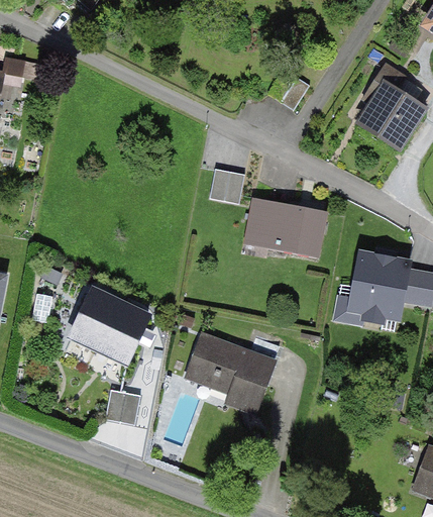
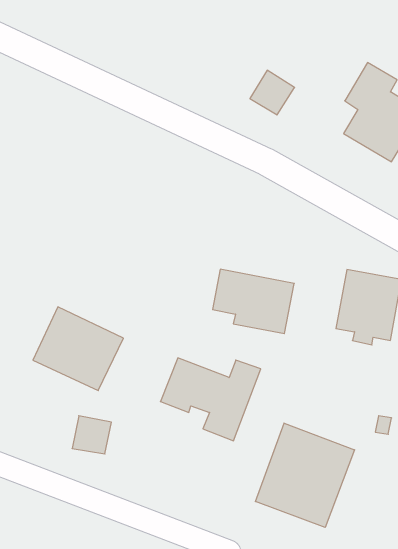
building: [211,167,245,202] -> none
building: [249,197,325,256] -> [213,269,294,334]
building: none -> [255,423,355,527]

